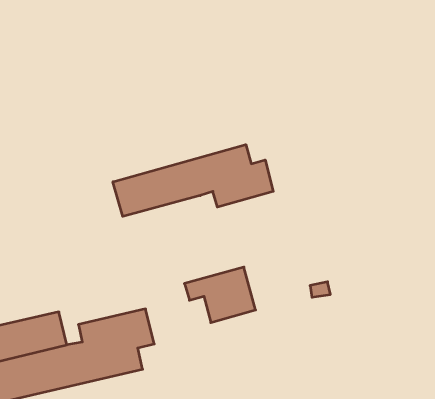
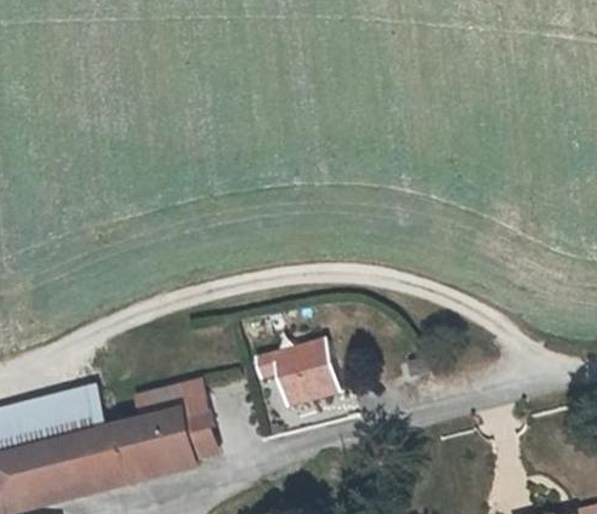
building: [113,145,273,216] -> none

